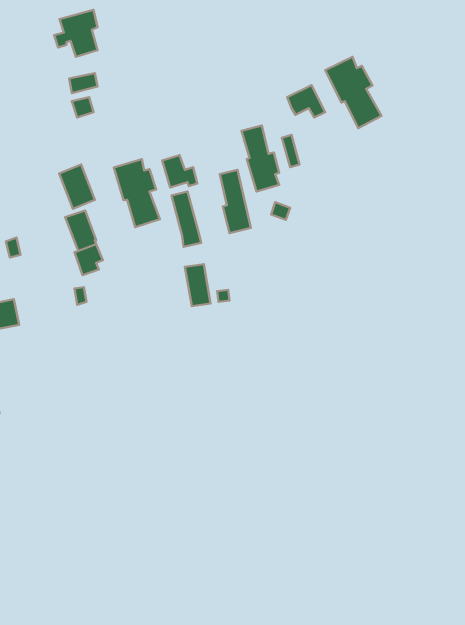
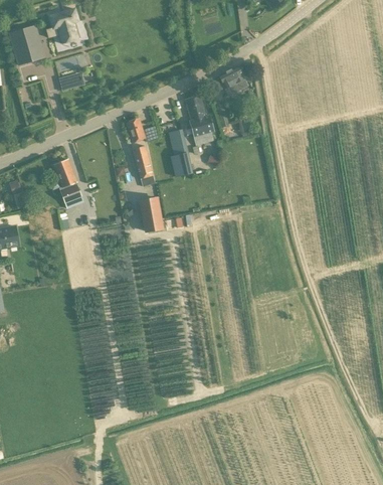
building: none -> [9,24,44,64]
building: [325,57,382,128] -> none
building: [114,159,160,227] -> none
building: [59,165,95,209] -> none

